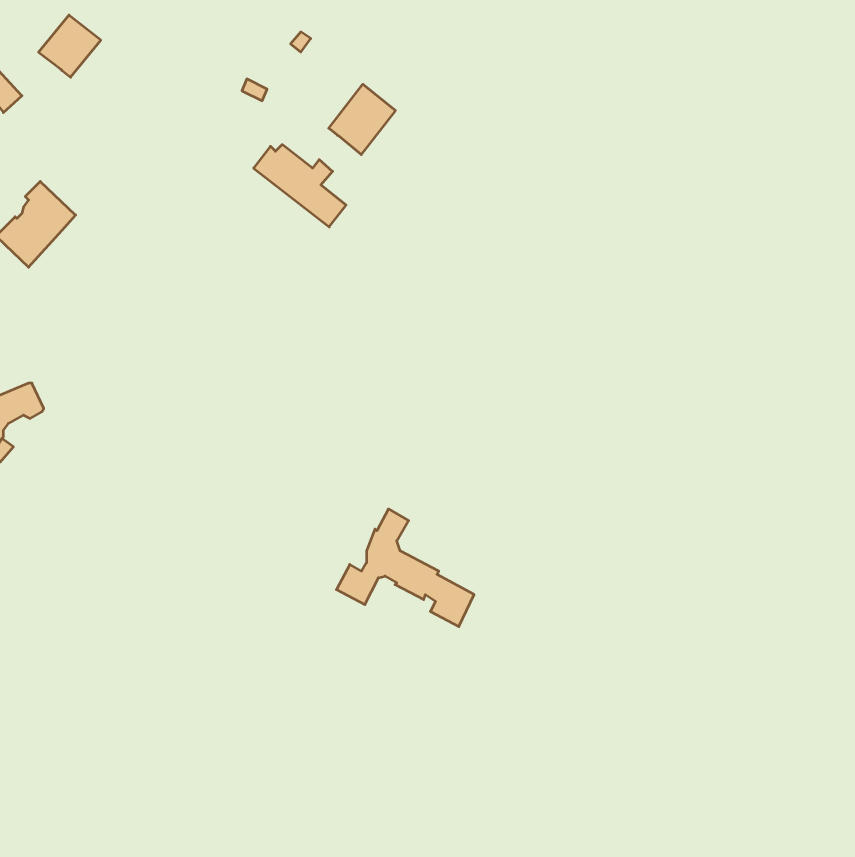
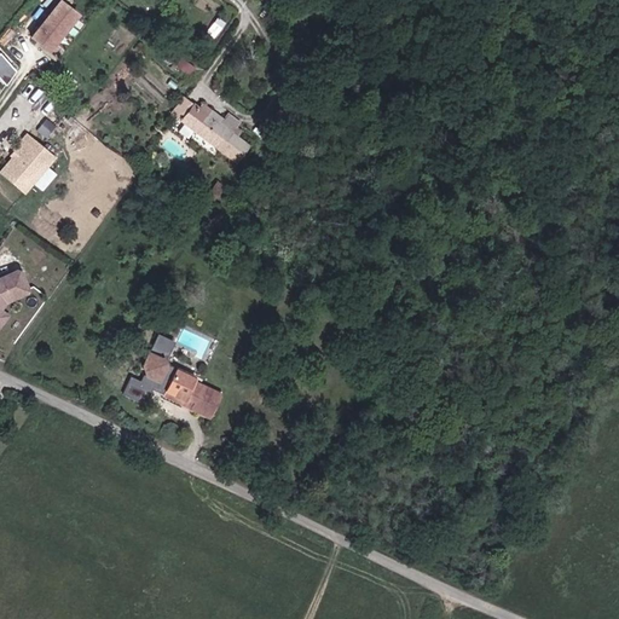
building: [329,84,395,155] -> none
building: [336,509,474,627] -> [121,334,220,418]

